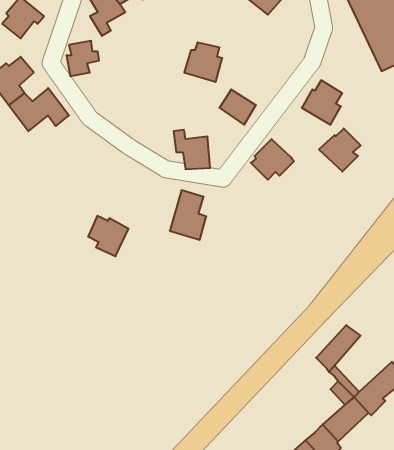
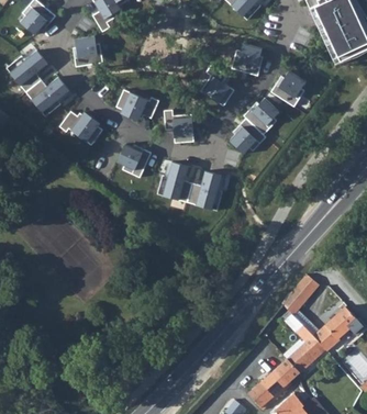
building: [184,42,222,82] -> [231,44,263,77]
building: none -> [115,90,158,121]
building: [319,128,361,172] -> [242,98,277,134]
building: none -> [59,112,100,144]
building: none -> [185,171,230,210]
building: [88,216,129,256] -> [115,143,149,177]

